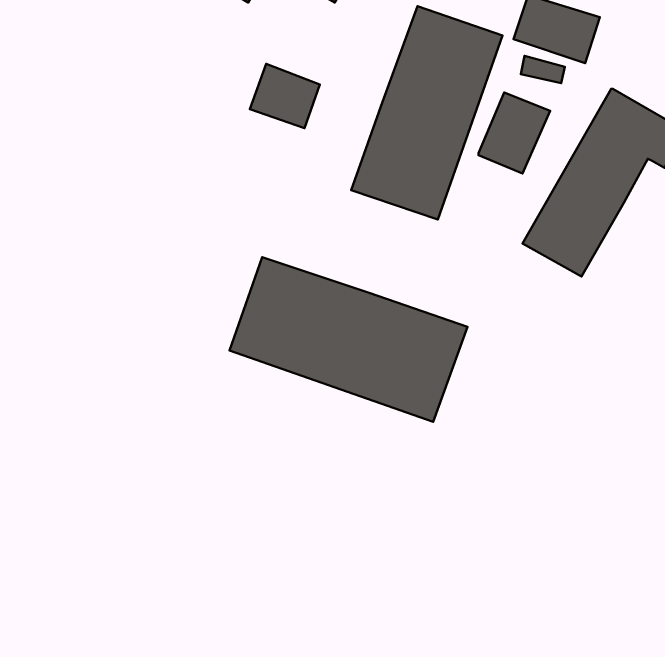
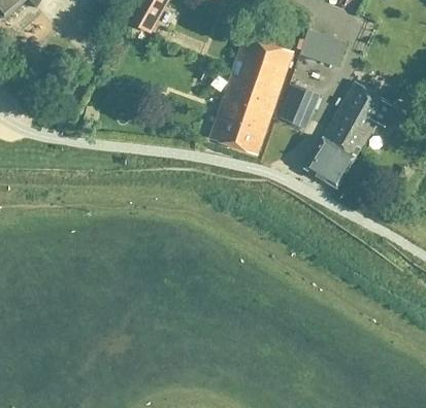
building: [250,64,320,128] -> none
building: [229,257,467,422] -> none

